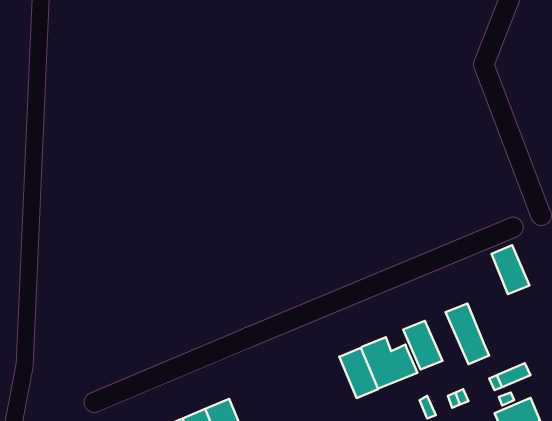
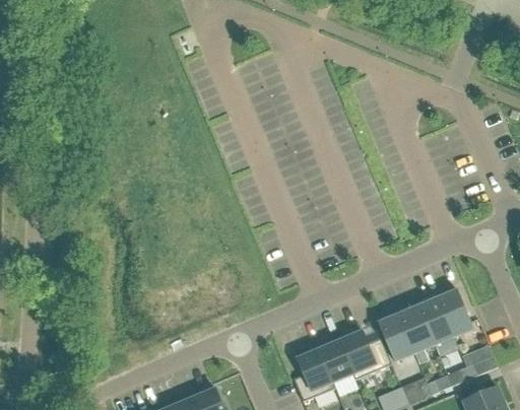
building: [491,245,530,294] -> [437,290,472,336]
building: none -> [397,306,433,352]
building: none -> [291,348,333,400]

